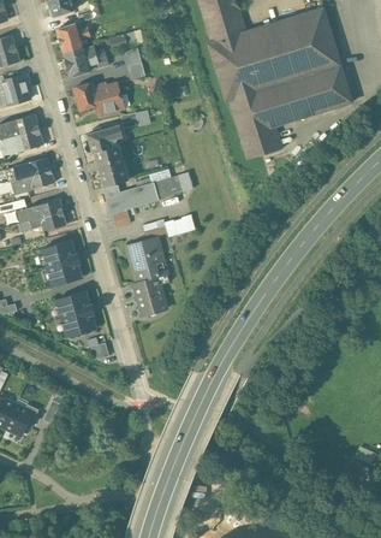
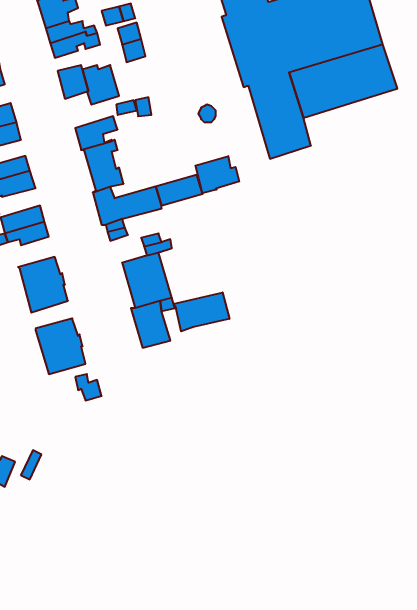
building: none -> [195,156,239,193]
building: none -> [174,292,229,331]

